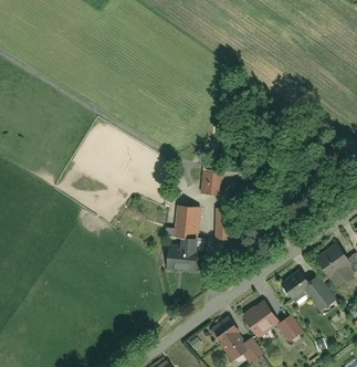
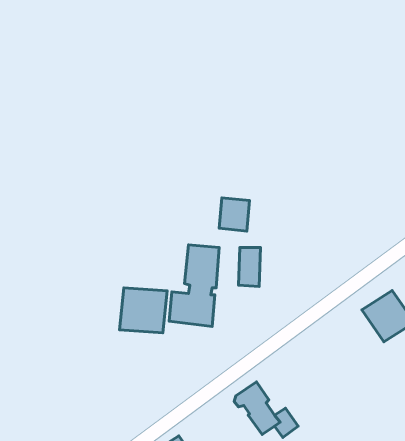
building: none -> [119,288,167,333]
building: [280,271,335,310] -> none
building: [241,297,301,338] -> none

